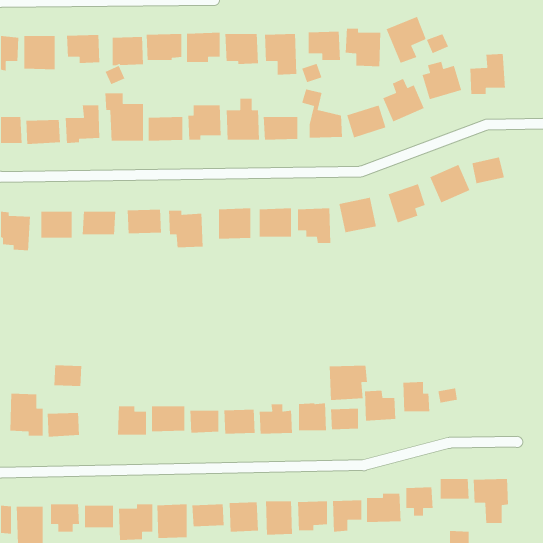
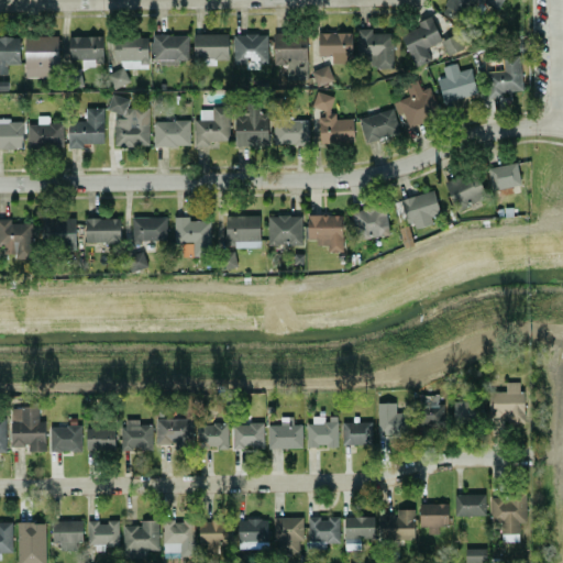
building: [53,364,82,387] -> [87,429,117,452]
building: [329,365,368,401] -> none
building: none -> [489,383,526,423]

